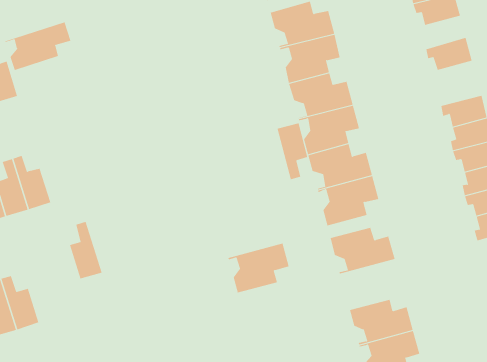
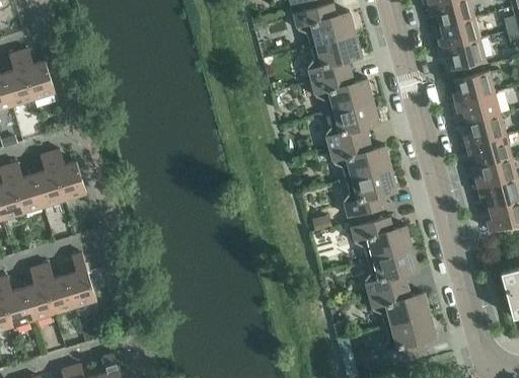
building: none -> [438,17,479,49]
building: [5,22,71,71] -> none
building: none -> [452,71,495,102]
building: [277,123,308,180] -> none
building: [69,221,102,279] -> [66,252,97,307]
building: [227,243,290,293] -> [360,247,419,295]

